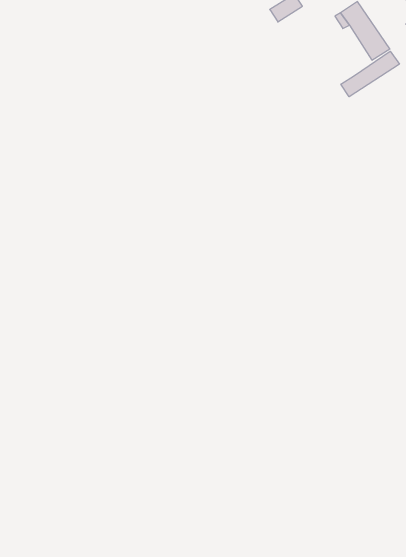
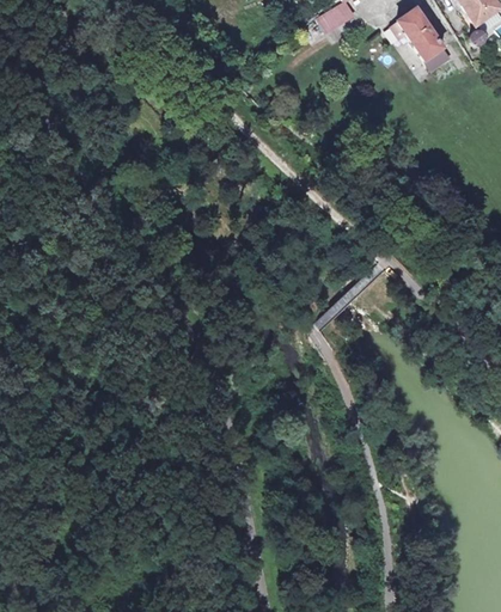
building: [341,51,399,97] -> none

